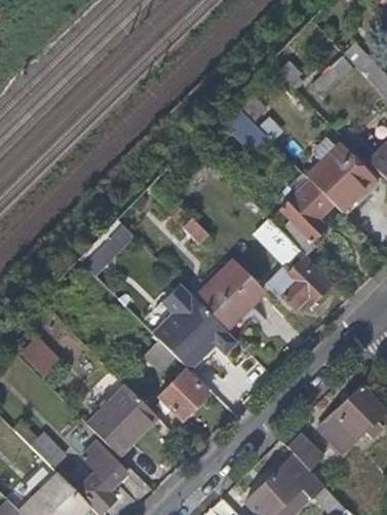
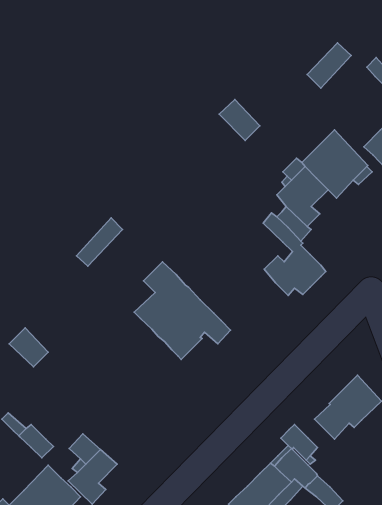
building: [196,260,265,331] -> none
building: [159,370,207,419] -> none
building: [87,384,157,455] -> none

